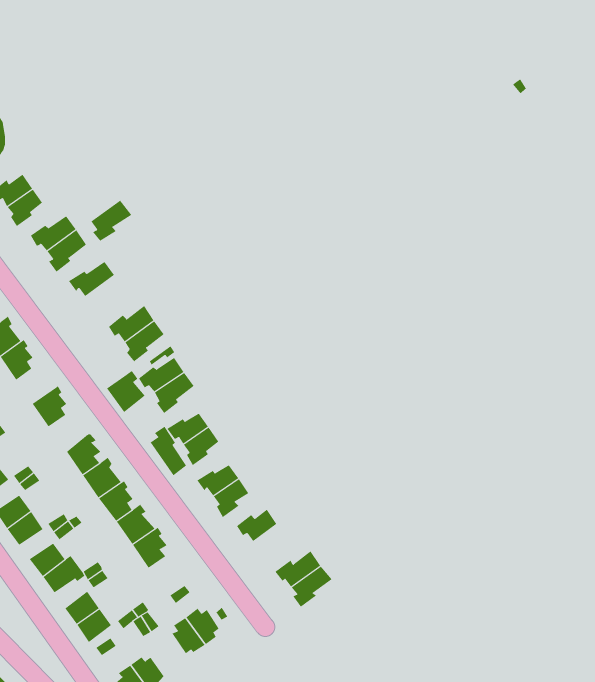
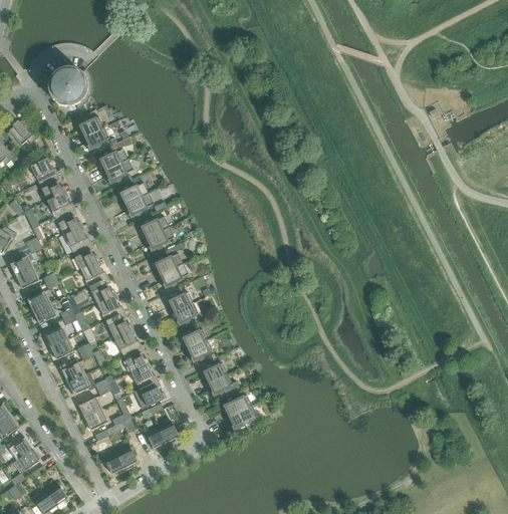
building: [91,200,132,242] -> [125,193,154,218]
building: none -> [71,242,96,268]
building: [106,370,146,413] -> [87,276,112,303]
building: [150,426,187,476] -> none
building: none -> [209,373,240,397]
building: none -> [134,379,164,408]

